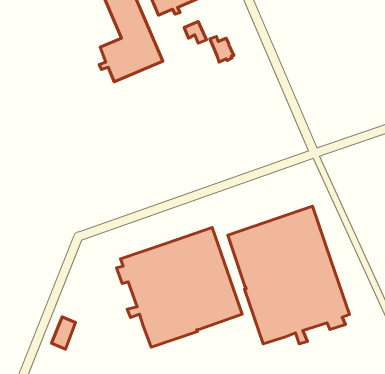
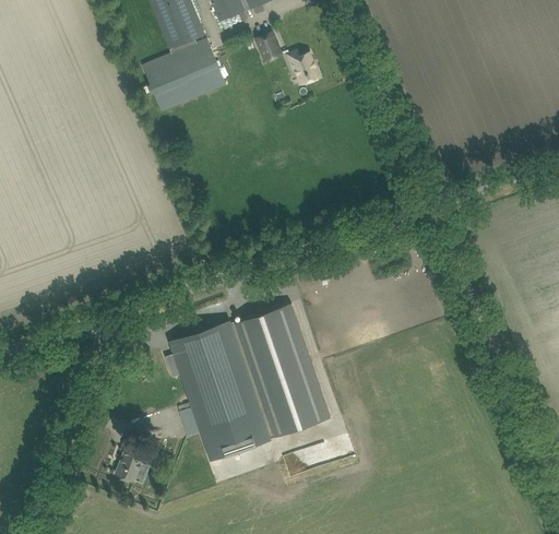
building: [228,206,349,344] -> none
building: [52,317,76,349] -> [116,439,147,482]

